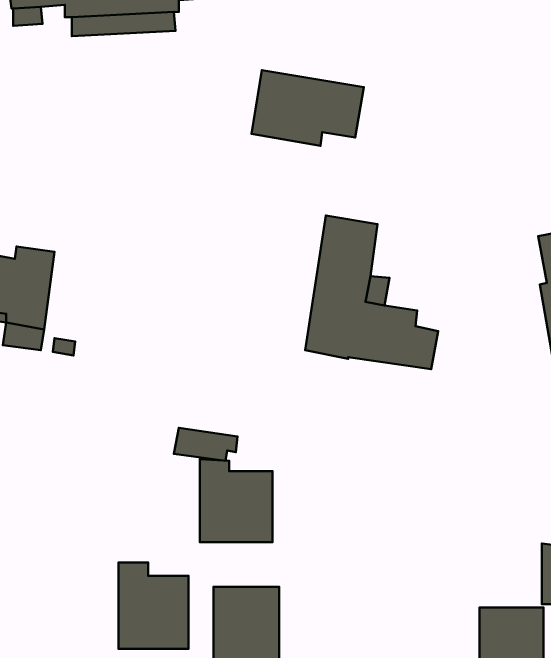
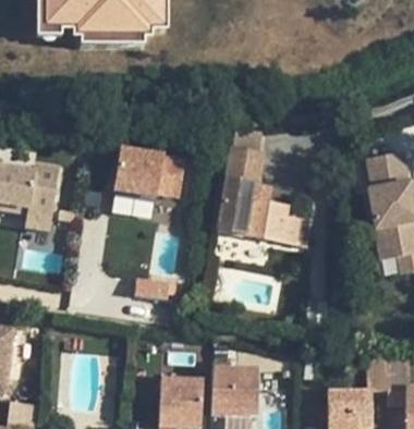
building: [251,70,364,146] -> [115,149,186,197]
building: [200,459,272,542] -> [211,363,257,415]
building: [119,563,189,649] -> none

